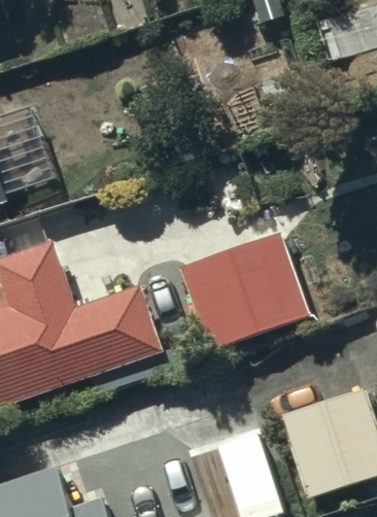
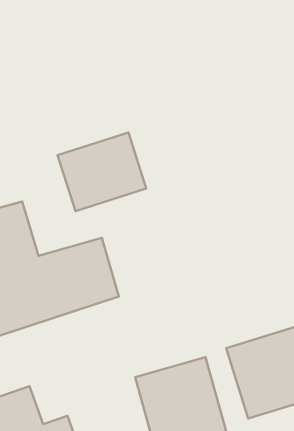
building: none -> [58,133,146,211]
building: [180,233,306,348] -> none

